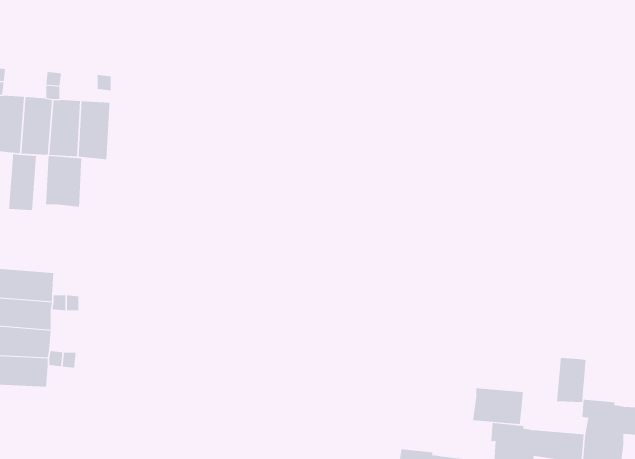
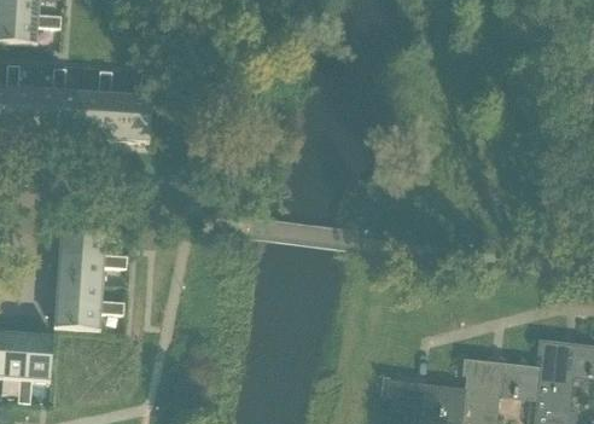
building: [9,153,37,211] -> none
building: [45,155,82,208] -> none
building: [557,357,586,403] -> none
building: [472,388,524,425] -> none

